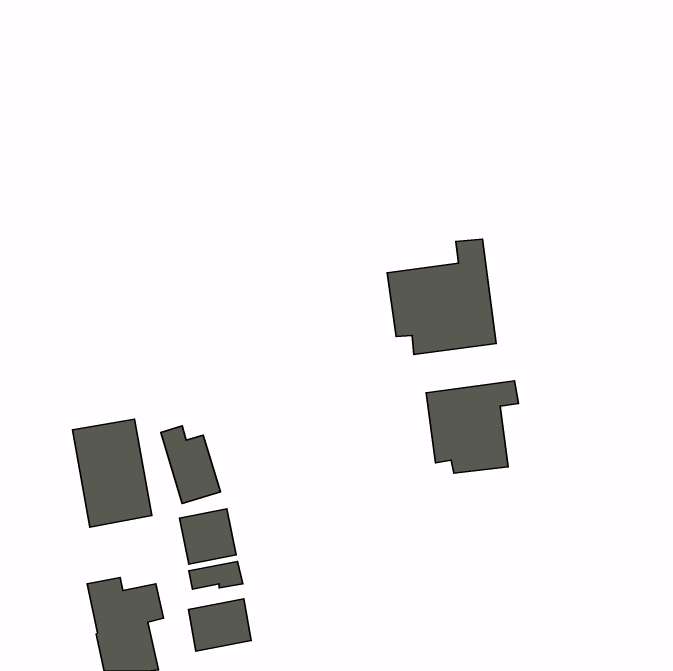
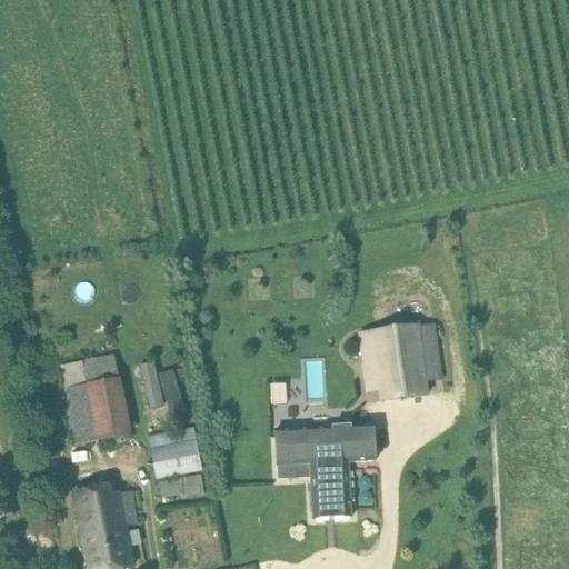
building: [387,239,496,354] -> none
building: none -> [277,422,376,518]
building: [188,599,251,651] -> none

